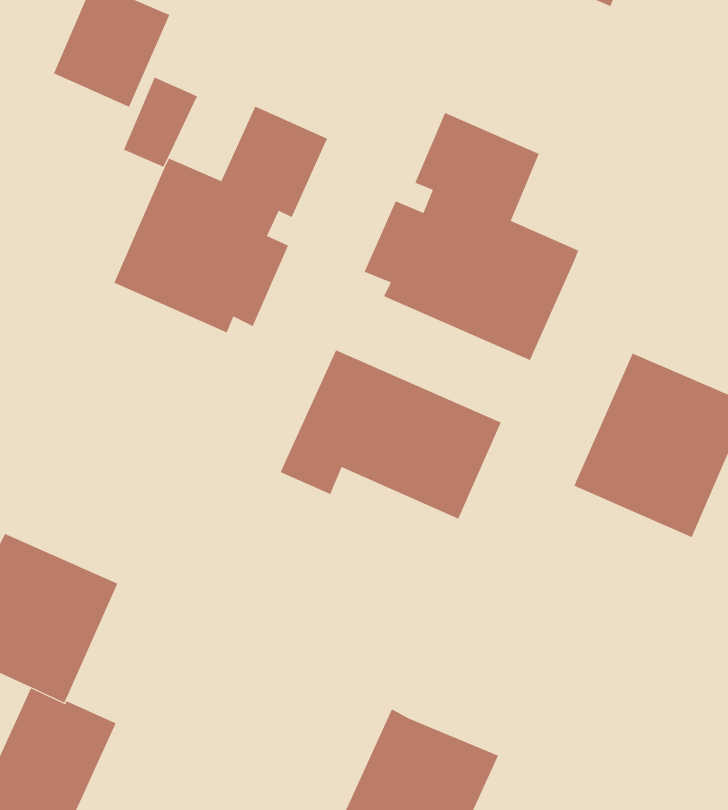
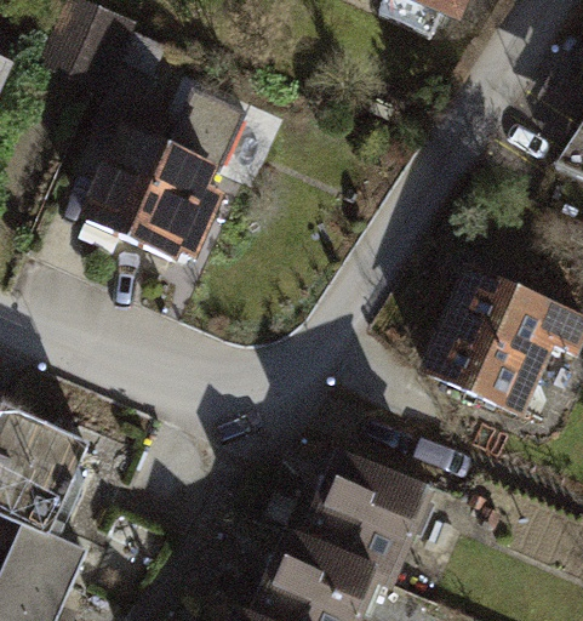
building: [364,112,579,361] -> none
building: [280,349,501,520] -> none
building: none -> [308,456,427,579]

